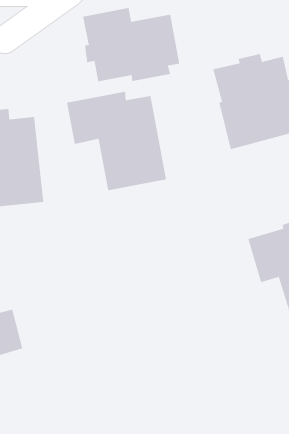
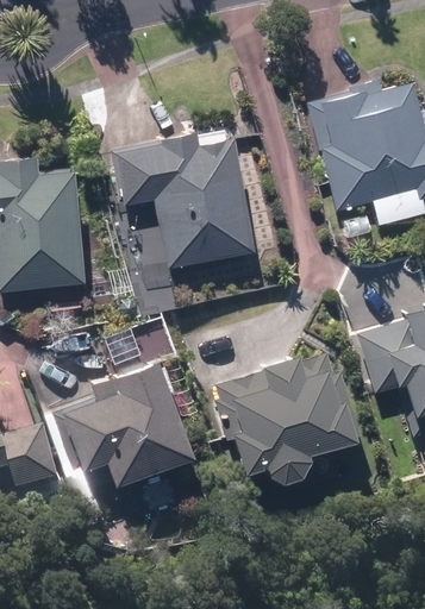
building: [83,7,180,82] -> none
building: none -> [219,352,358,483]
building: none -> [58,359,193,488]

